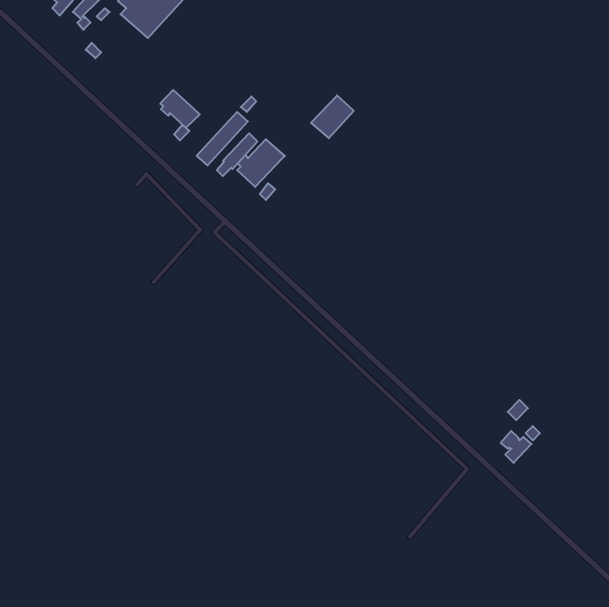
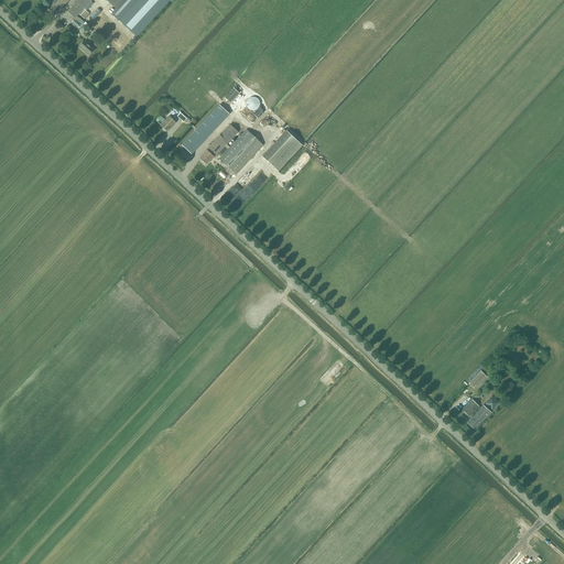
building: [160,90,200,128] -> none
building: [311,95,354,138] -> [262,130,302,170]

